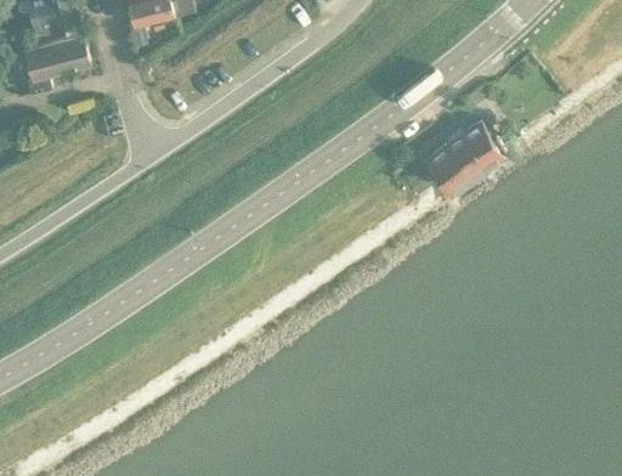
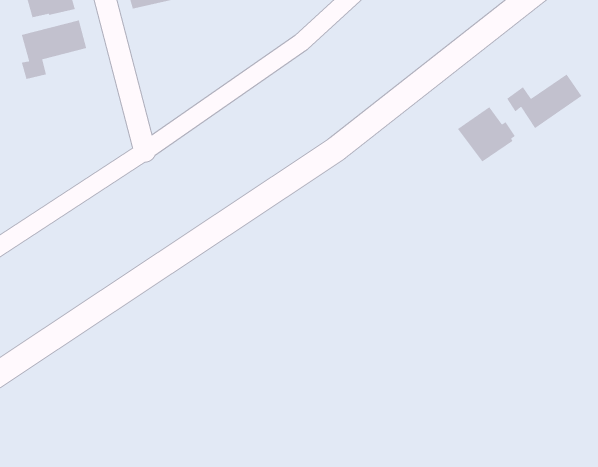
building: none -> [506,73,582,129]
building: [426,143,471,193] -> none

